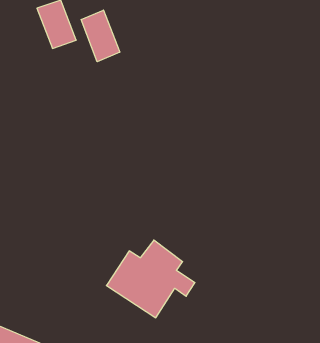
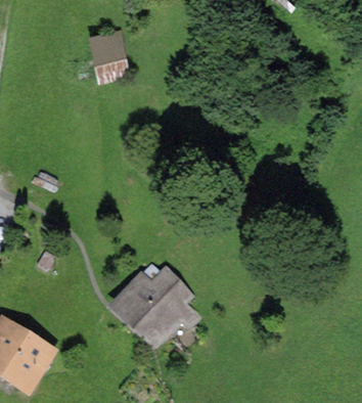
building: [81,10,120,62] -> none

